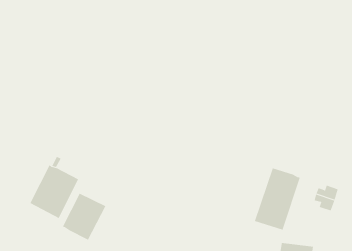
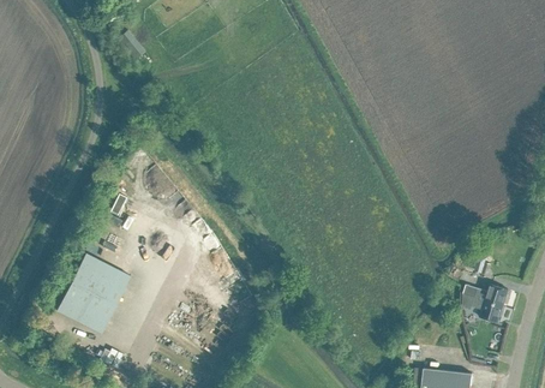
building: [254,167,301,230] -> none
building: [62,193,106,240] -> none

